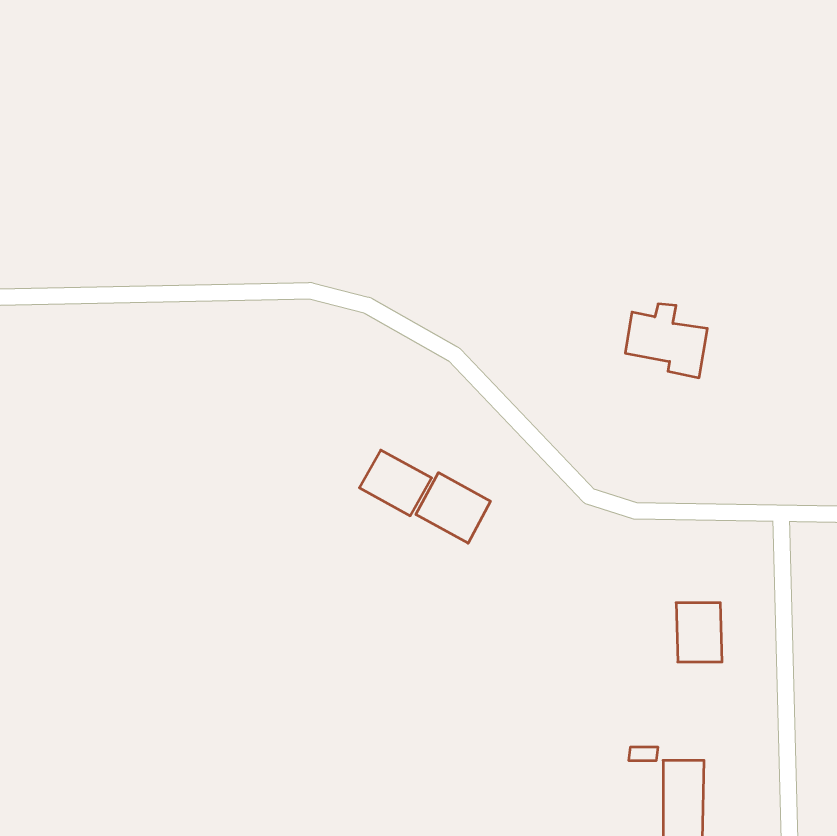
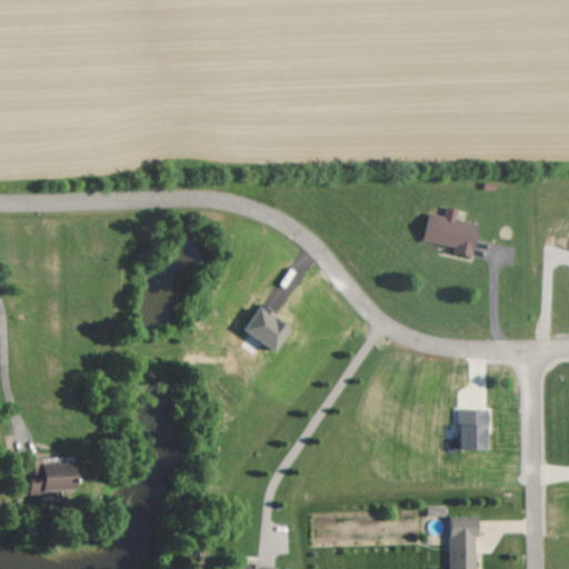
building: [416,473,490,543] -> none
building: none -> [30,462,79,492]

